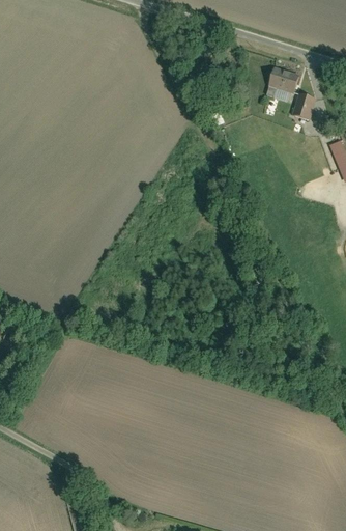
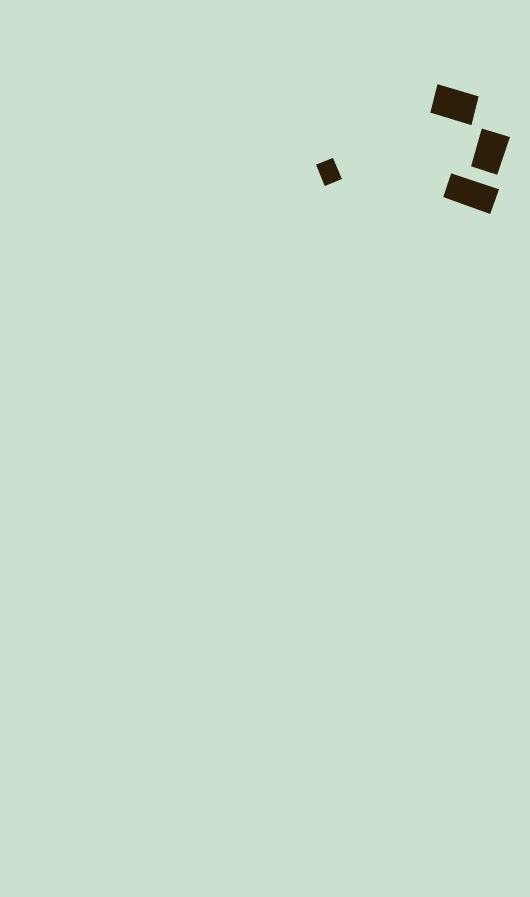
building: none -> [442,172,500,215]

